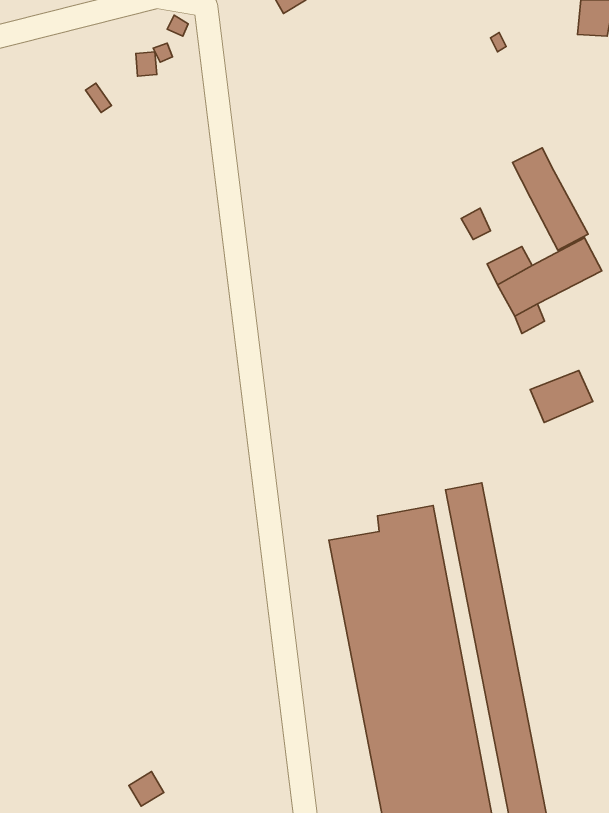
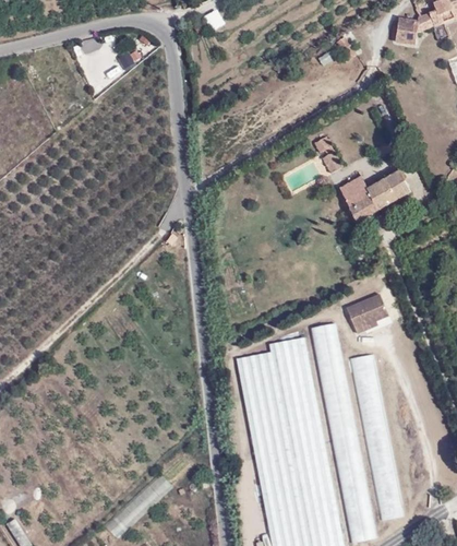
building: [513,148,588,250] -> none
building: [530,370,593,423] -> [347,297,386,330]
building: none -> [353,354,402,519]

